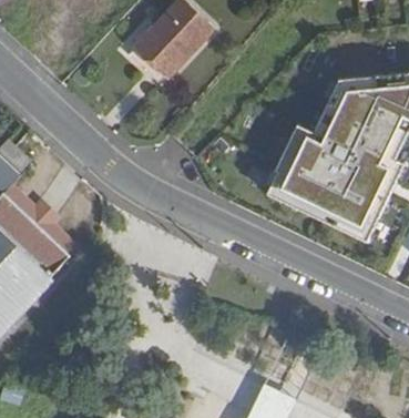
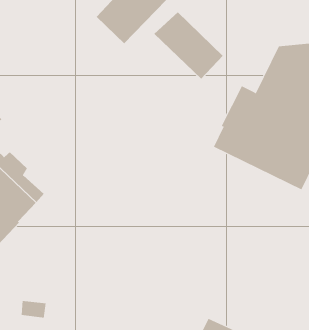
building: none -> [153,11,223,80]

